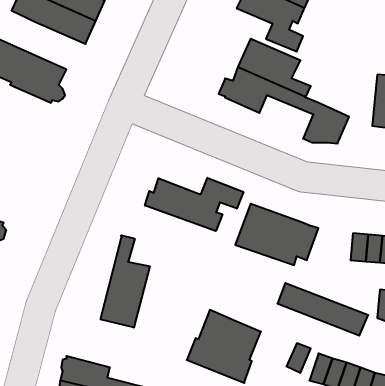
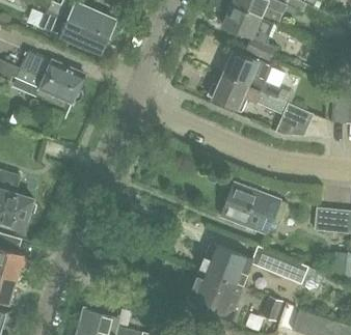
building: [145,178,243,231] -> none
building: [101,235,150,328] -> none
building: none -> [199,243,252,287]

